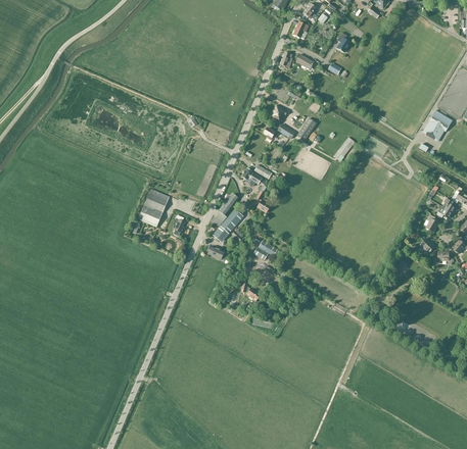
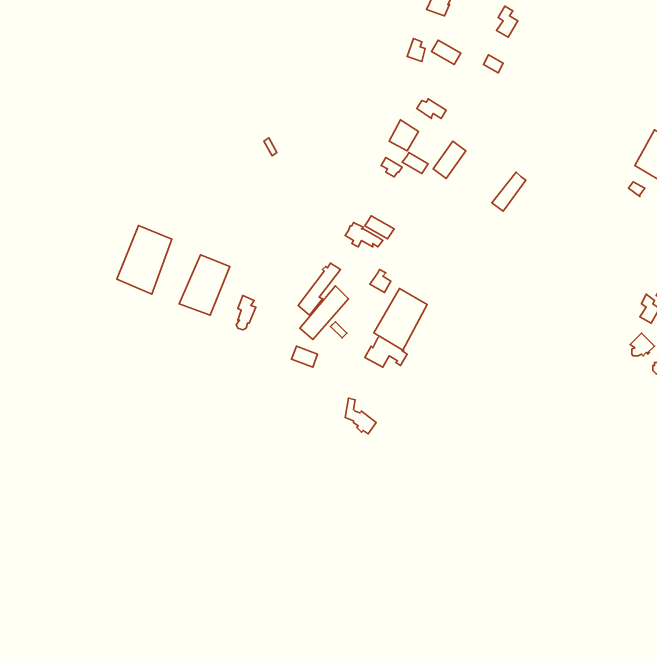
building: none -> [117,226,172,294]
building: none -> [374,288,427,350]

